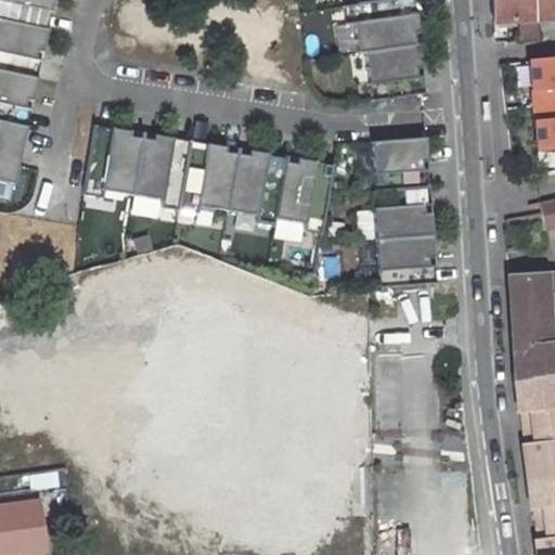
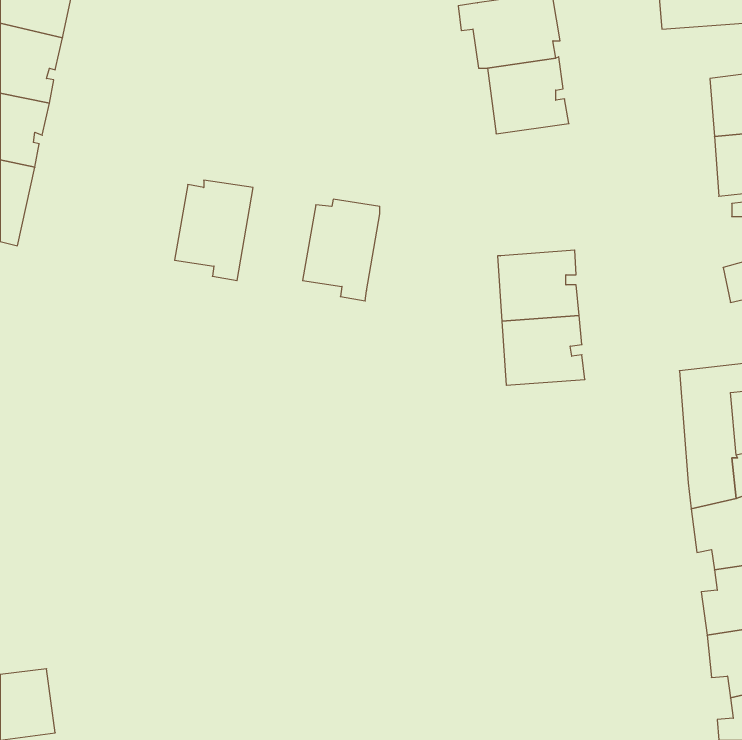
building: [82,125,141,197] -> none
building: [371,137,429,191] -> none
building: [178,140,236,211] -> none
building: [274,156,333,232] -> none

